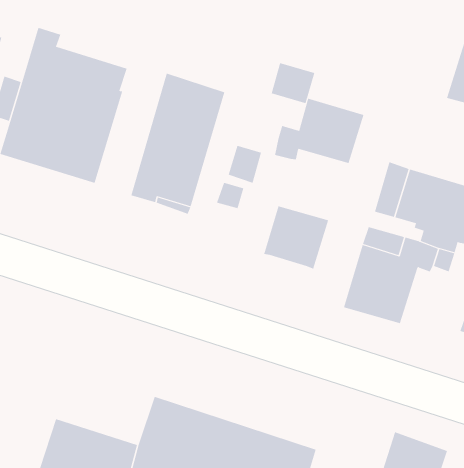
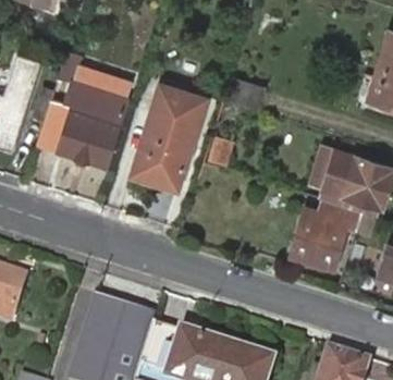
building: [274,98,364,164] -> none
building: [263,206,329,270] -> none
building: none -> [79,291,155,357]

